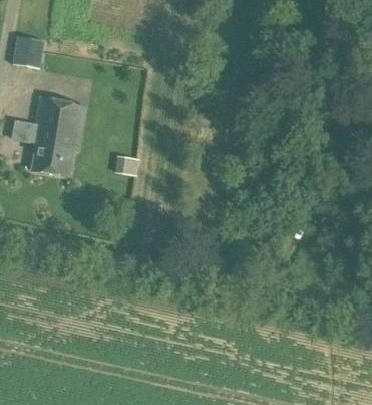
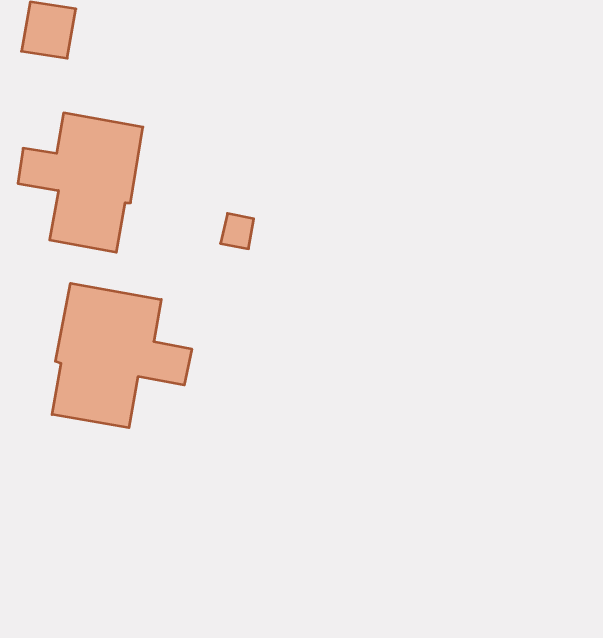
building: none -> [52,283,192,428]

